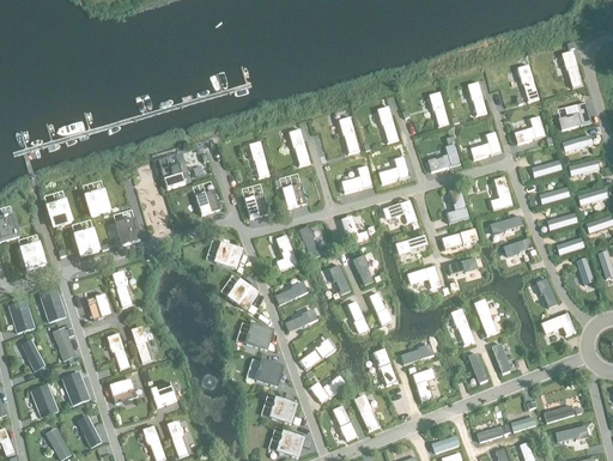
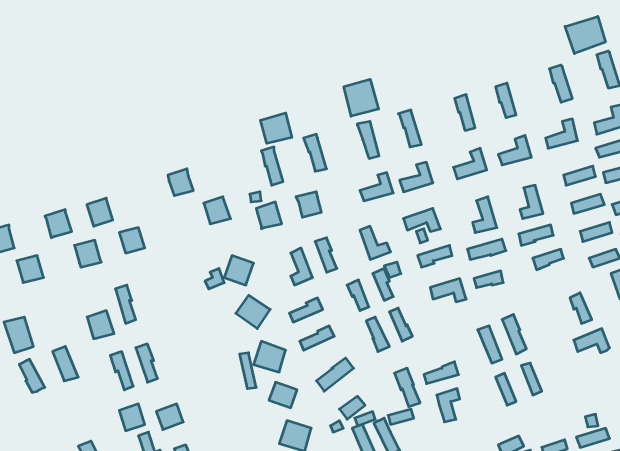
building: none -> [565,16,605,54]
building: none -> [344,79,379,116]
building: none -> [260,113,292,143]
building: [40,290,67,323] -> none
building: [61,371,90,406] -> none
building: [30,384,59,419] -> none

